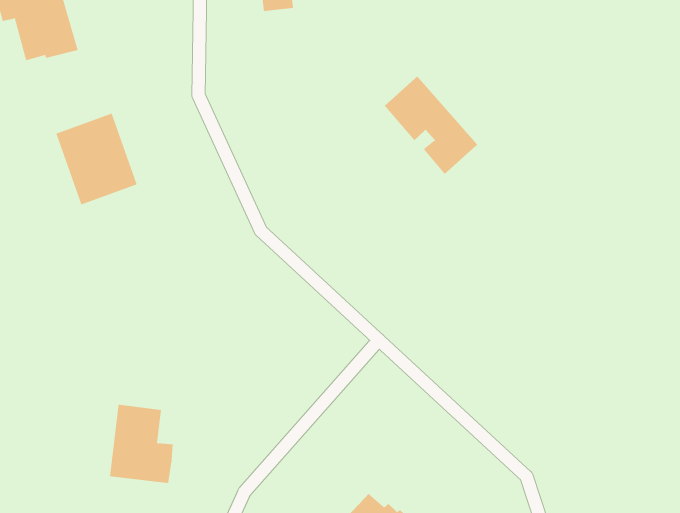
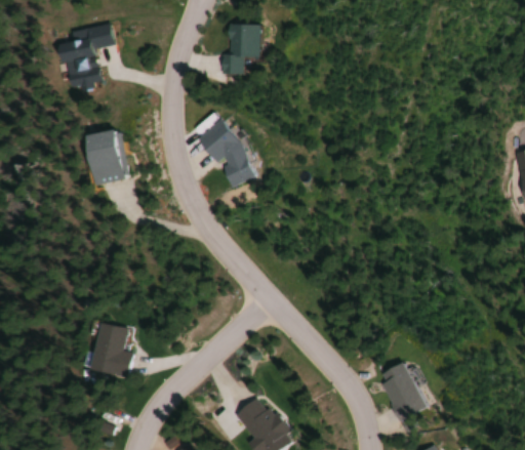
building: [384,75,478,175] -> [200,121,259,189]
building: none -> [379,363,425,420]

